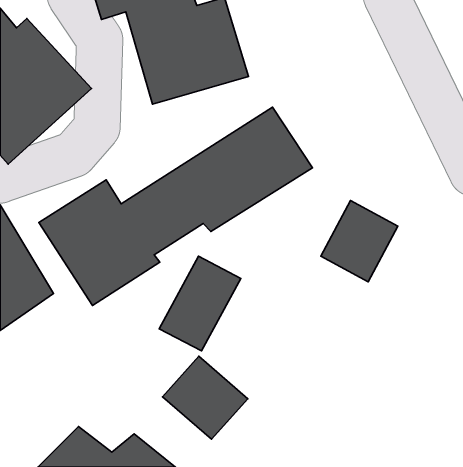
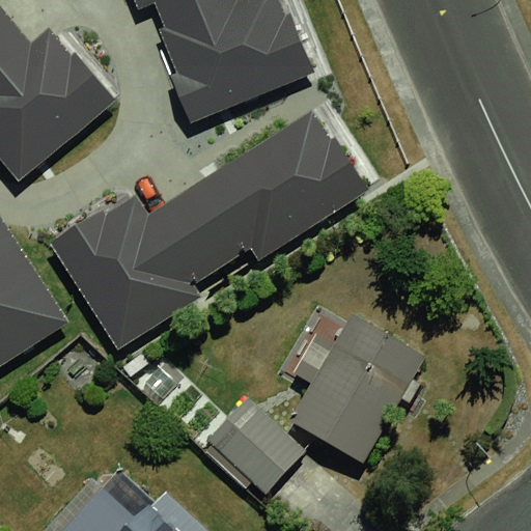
building: [321,200,398,282] -> none
building: [159,256,241,351] -> none
building: none -> [286,307,428,457]

